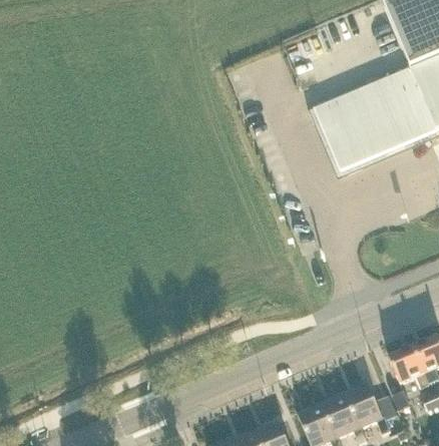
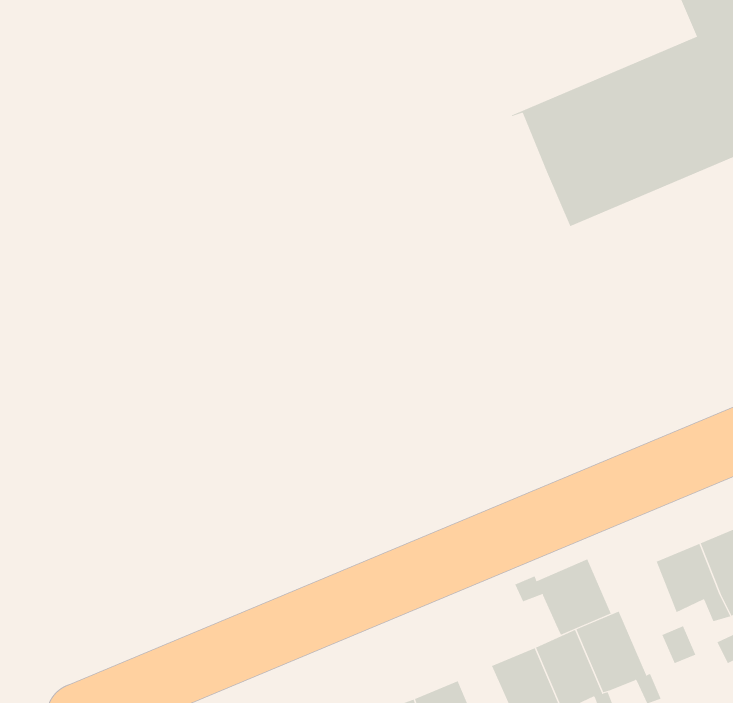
building: none -> [515,559,611,635]

